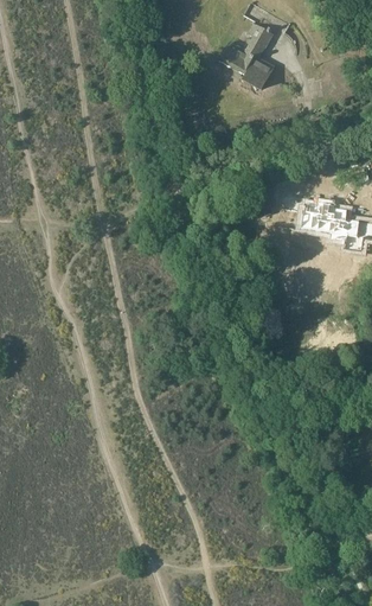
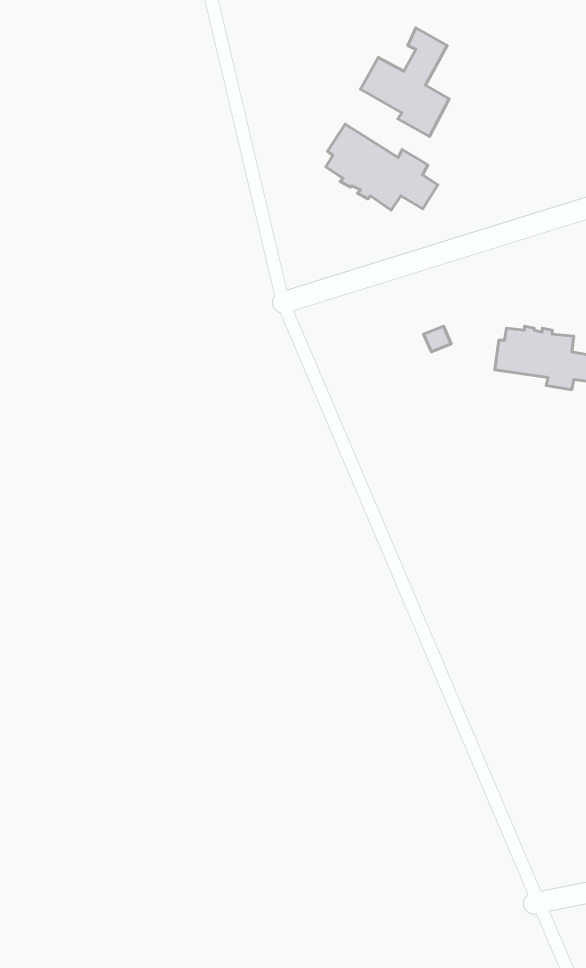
building: none -> [326,124,438,210]

